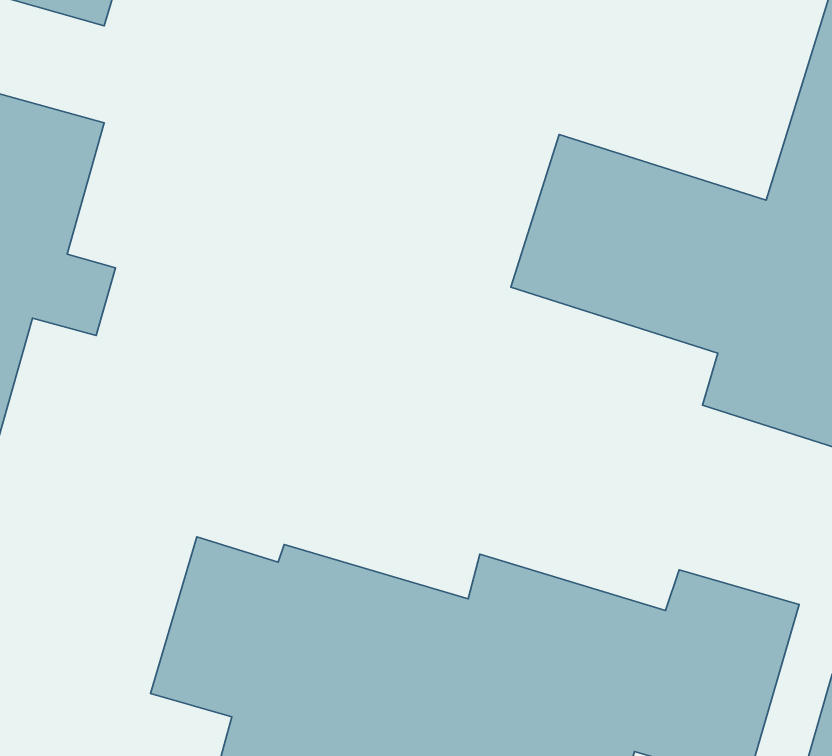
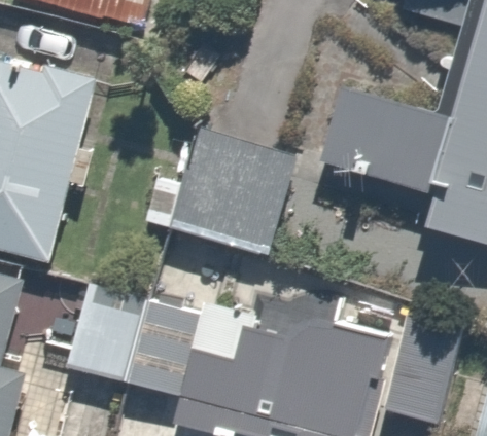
building: none -> [161,128,297,258]
building: none -> [62,276,146,384]

